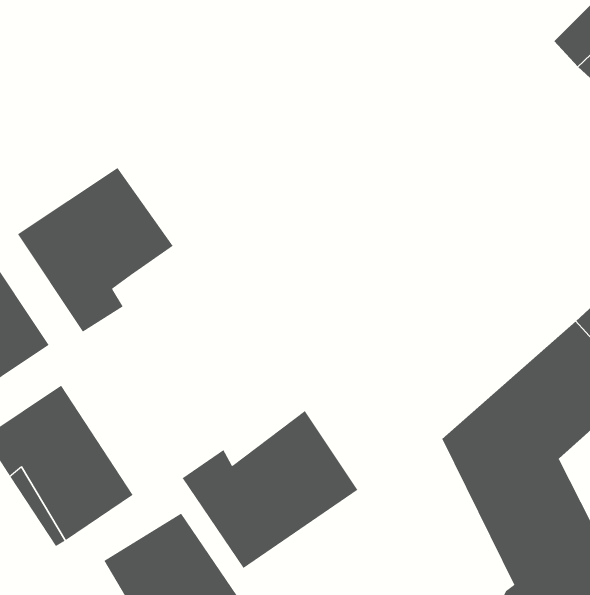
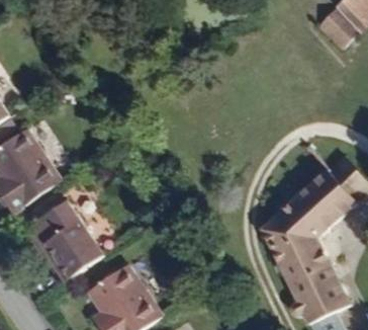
building: [17,167,174,332] -> none
building: [182,410,358,569] -> none

